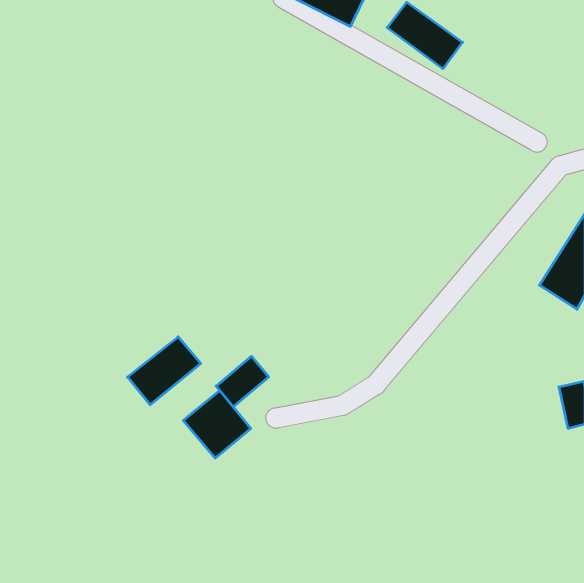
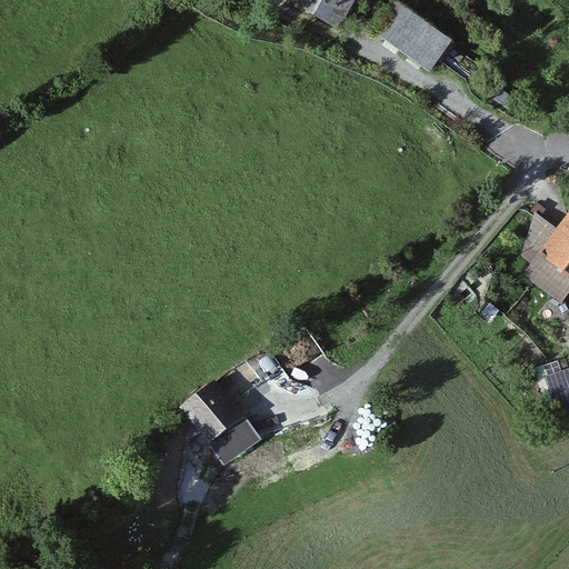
building: [127,337,201,405] -> none
building: [216,356,269,407] -> [210,416,261,465]

